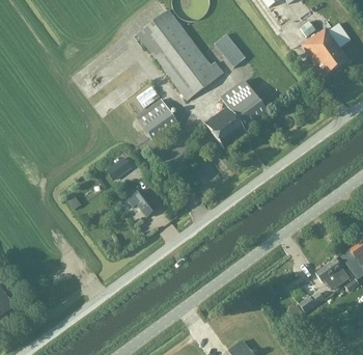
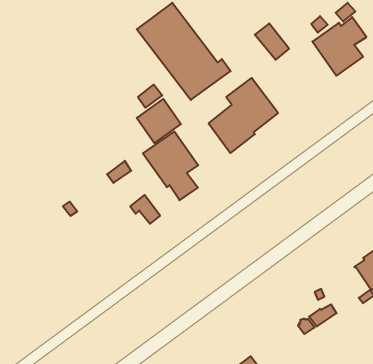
building: [214,33,246,67] -> [255,23,289,60]
building: none -> [143,131,198,200]
building: [315,257,348,288] -> none

